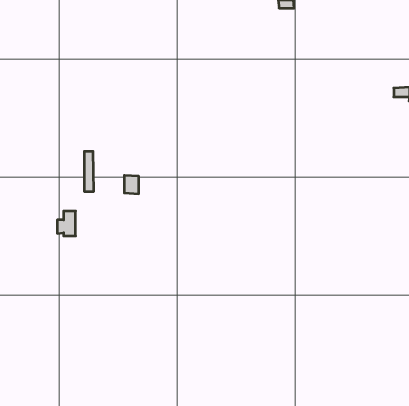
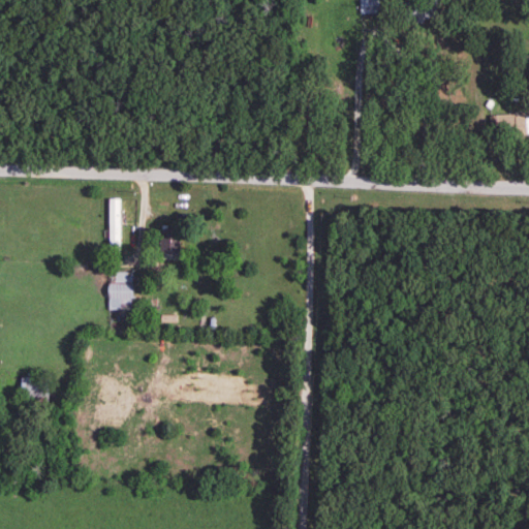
building: [57,211,76,236] -> [110,273,133,305]

